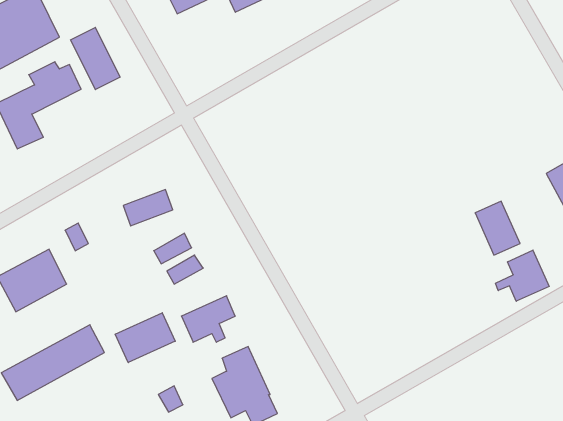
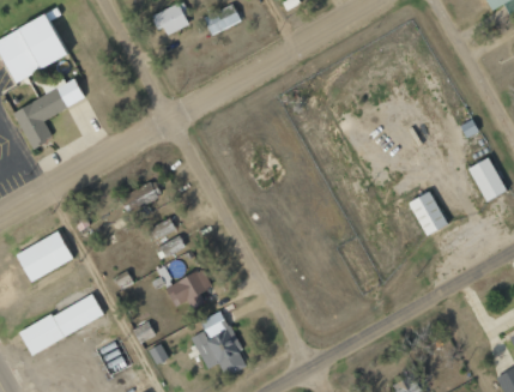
building: [71,27,120,90] -> none
building: [496,250,549,301] -> none
building: [115,313,175,363] -> none

